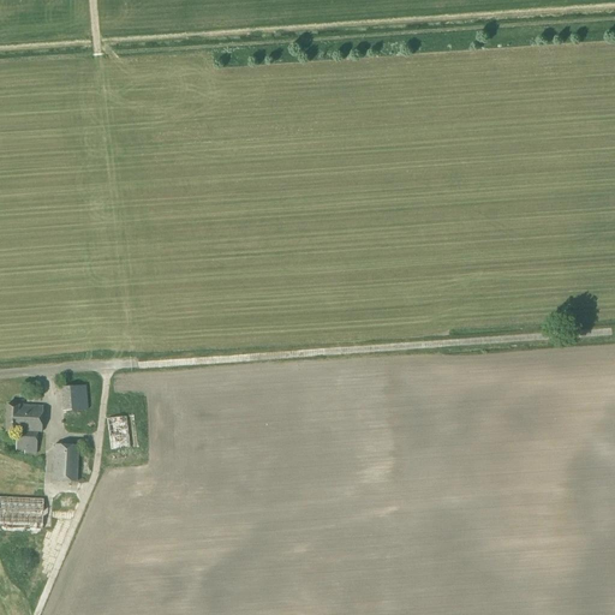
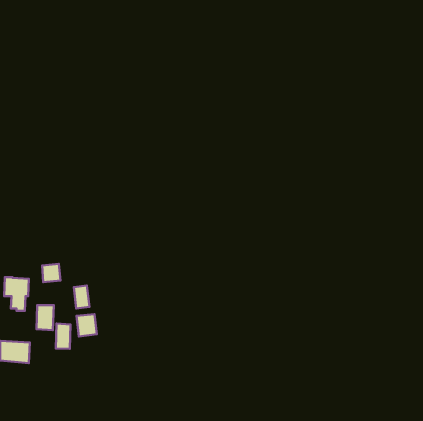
building: none -> [76,314,97,337]
building: none -> [56,323,71,349]

